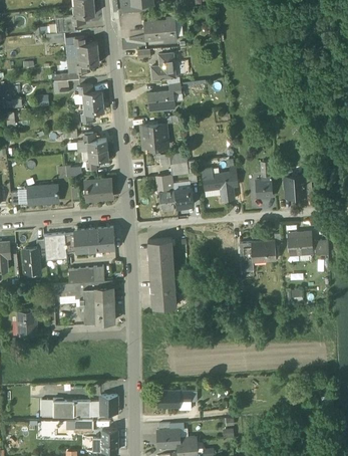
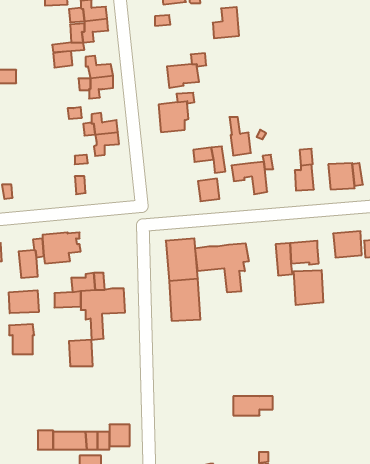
building: [152,54,175,80] -> [213,7,239,38]
building: [158,177,177,209] -> [229,117,251,155]
building: [86,179,111,200] -> none
building: [28,185,58,204] -> none
building: [72,227,114,250] -> none
building: none -> [195,243,249,292]
building: none -> [294,270,323,305]
building: none -> [9,290,39,313]
building: [94,300,114,322] -> [69,340,93,366]
building: [157,391,191,407] -> [233,396,273,415]

